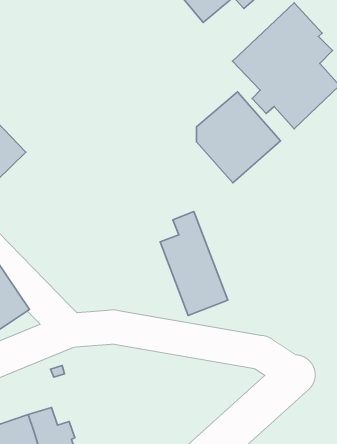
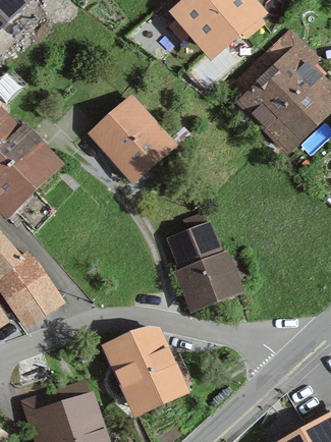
building: [197,92,281,183] -> [98,101,171,180]
building: none -> [103,330,189,409]

